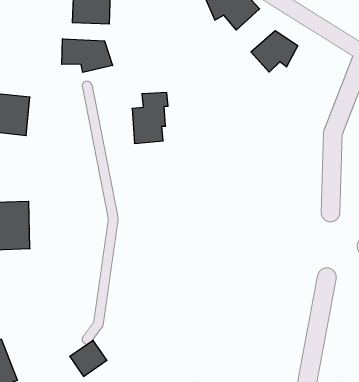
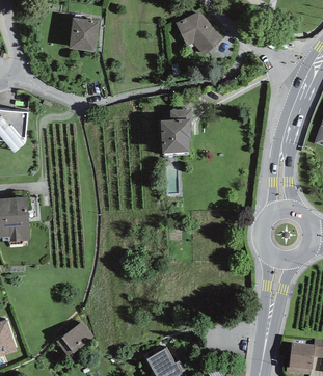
building: [251,31,298,72] -> none
building: [62,39,113,72] -> none
building: [132,93,168,143] -> [161,109,191,152]

